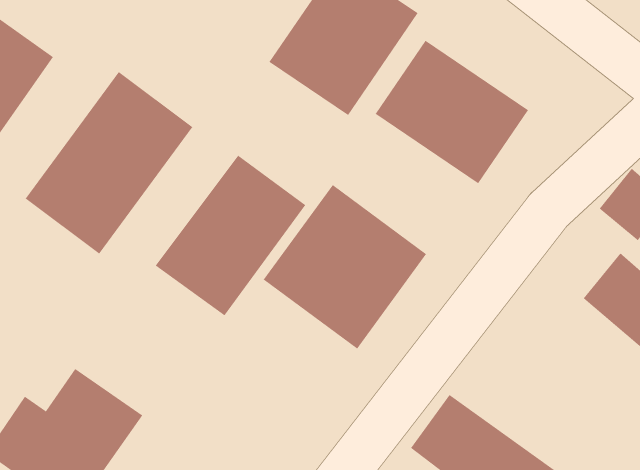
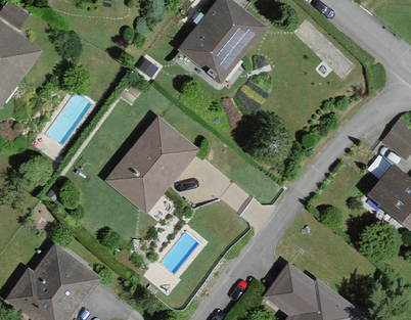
building: [375,40,529,184] -> none
building: [25,71,193,255] -> none
building: [263,184,427,350] -> none

